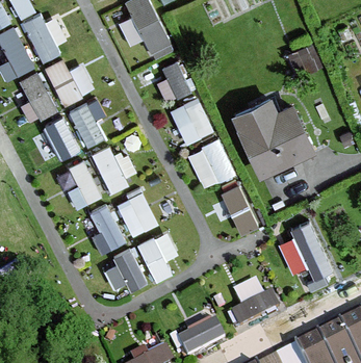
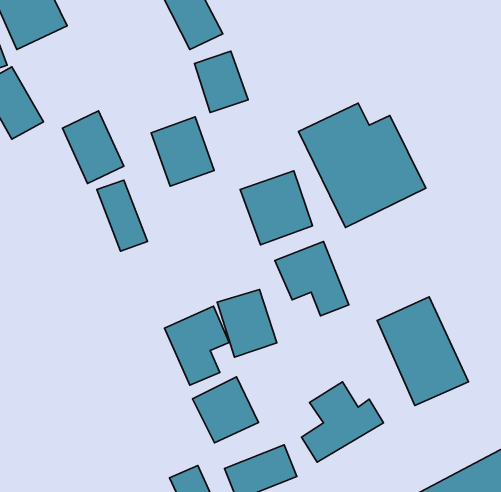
building: [51,59,94,100] -> none
building: [171,96,212,141] -> [151,117,214,186]
building: [38,122,77,163] -> none
building: [66,158,100,207] -> none
building: [117,189,156,234] -> [217,289,277,357]
building: [81,202,125,253] -> none
building: [102,250,146,293] -> [193,377,259,443]

